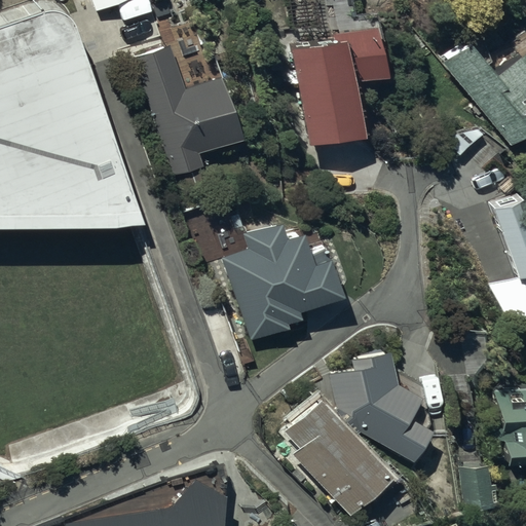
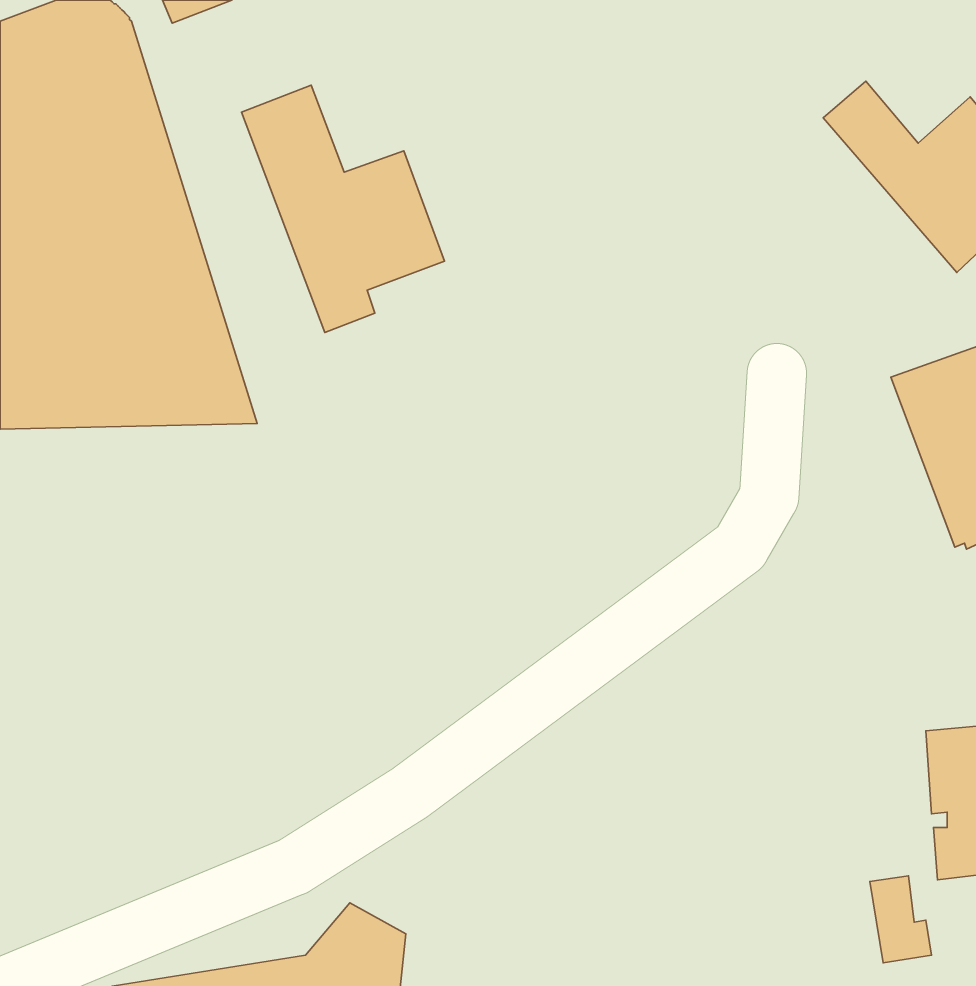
building: [287,27,385,145] -> none
building: [224,225,341,341] -> none
building: [287,352,431,518] -> none

